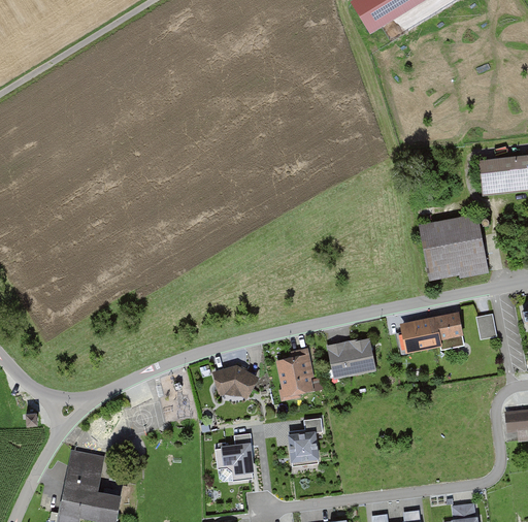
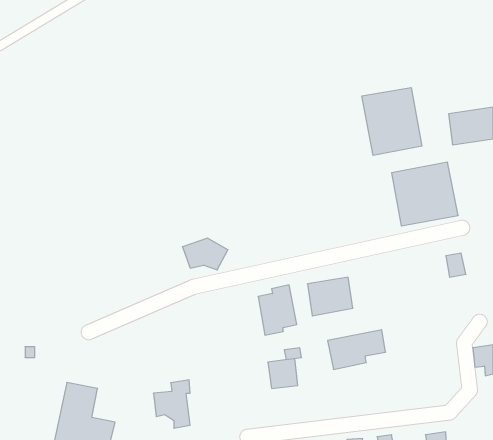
building: none -> [362,88,422,155]
building: [399,314,461,356] -> [328,330,386,369]
building: [209,364,258,398] -> [182,238,228,270]
building: [212,428,252,480] -> [153,380,190,428]

